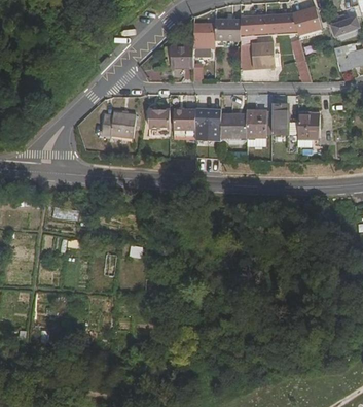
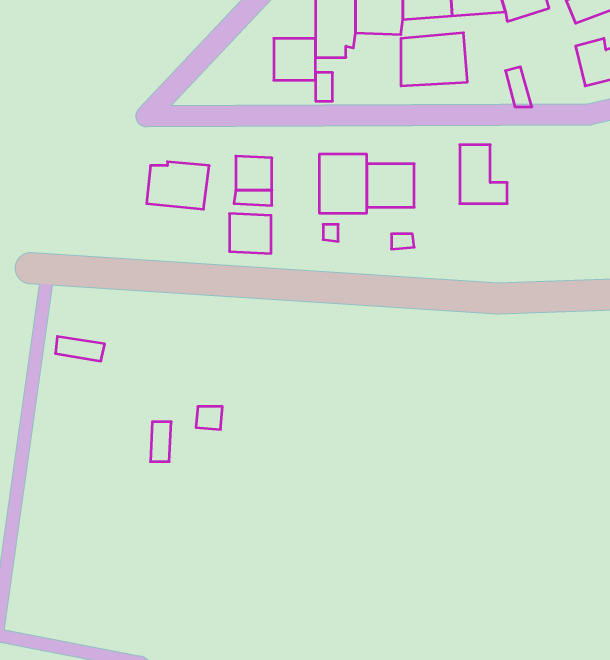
building: [173,107,195,129] -> [229,214,271,253]
building: [247,109,265,145] -> none
building: [297,111,319,142] -> none

